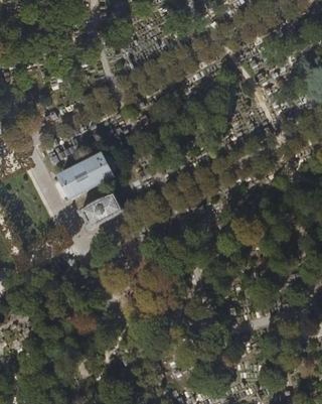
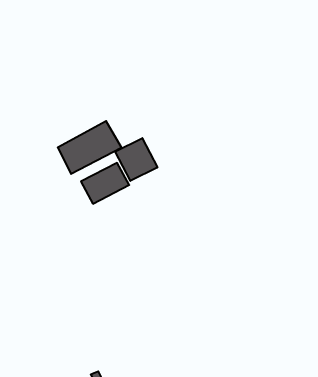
building: none -> [115,138,157,181]

